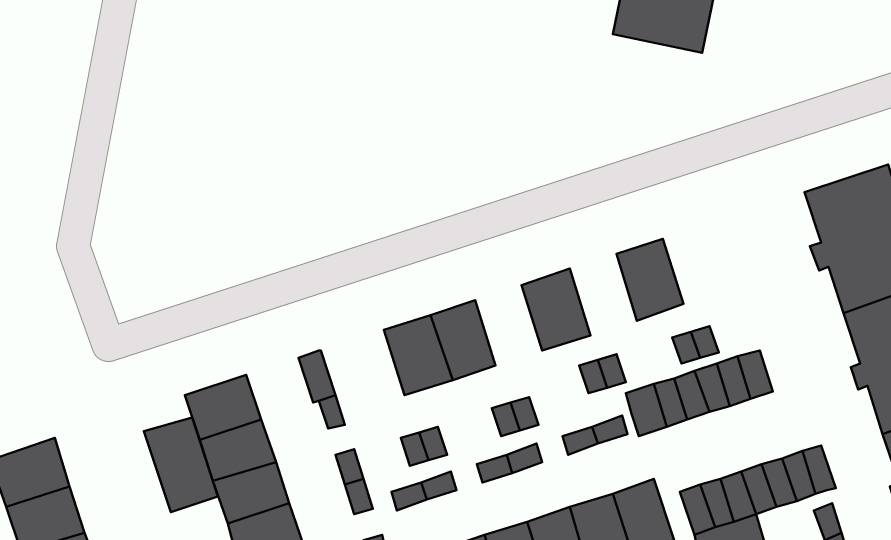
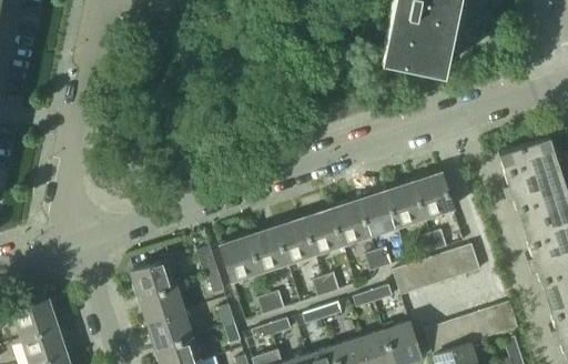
building: none -> [415,171,455,219]
building: none -> [359,189,399,237]
building: none -> [303,208,343,255]
building: none -> [221,234,261,282]
building: [144,418,218,512] -> none

